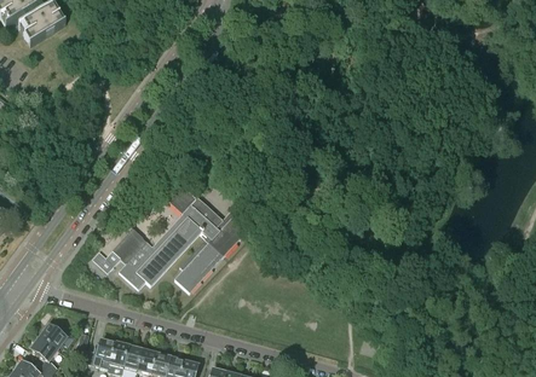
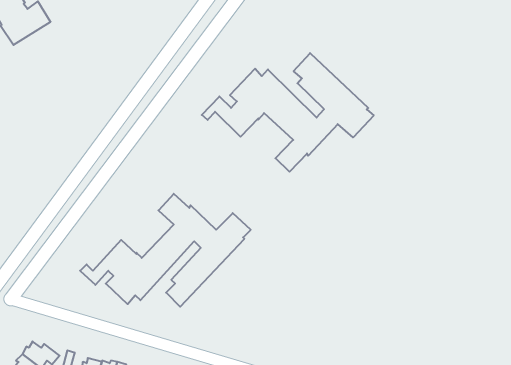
building: none -> [202,53,374,172]

